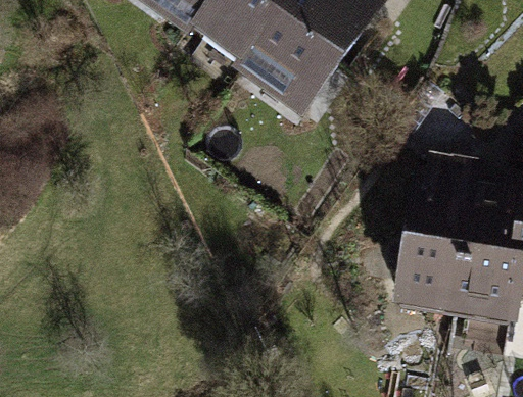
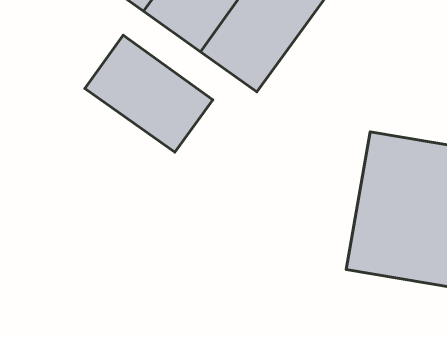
building: none -> [85,35,213,152]

